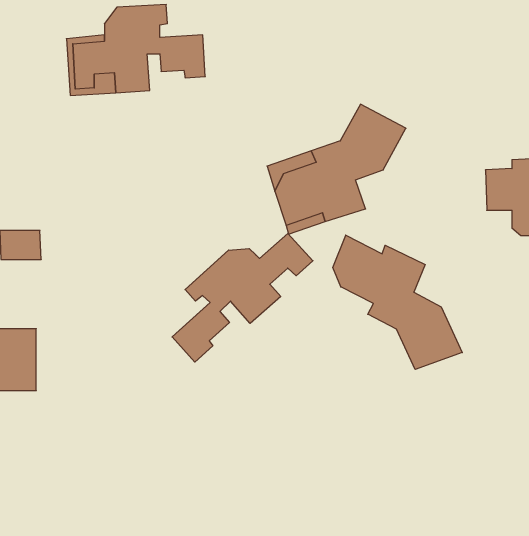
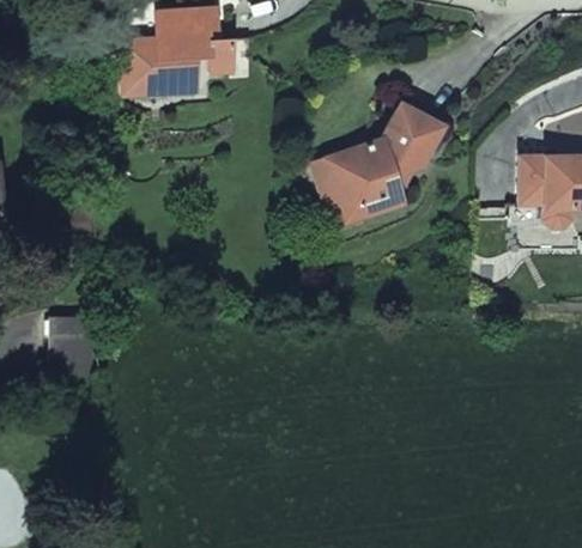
building: [172,233,313,362] -> none
building: [333,235,462,369] -> none

